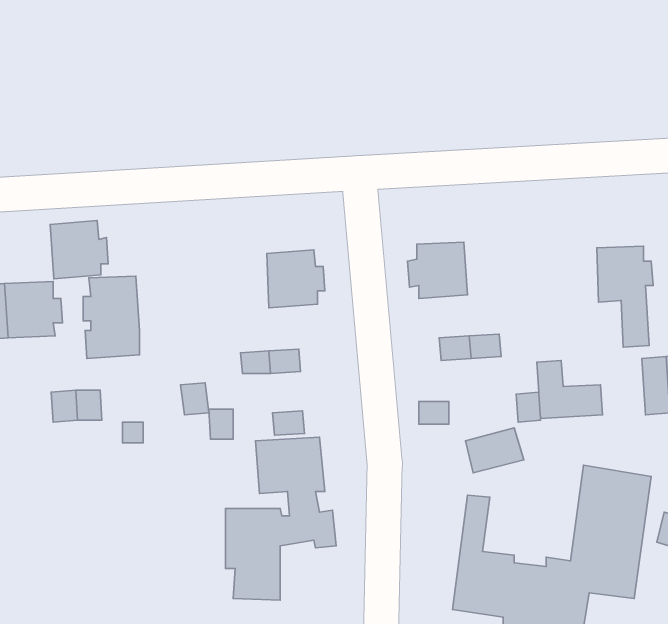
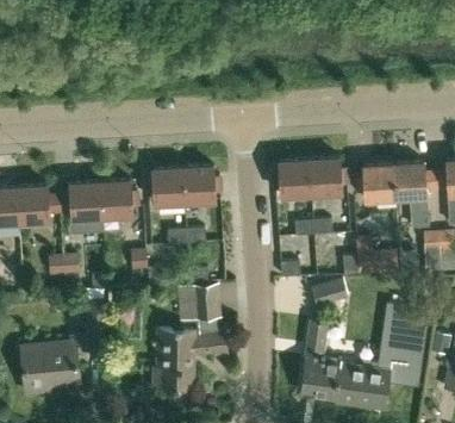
building: [50,221,108,279] -> [100,181,137,218]
building: none -> [308,160,347,195]
building: none -> [359,166,394,201]
building: none -> [148,169,185,206]
building: none -> [20,300,104,388]

